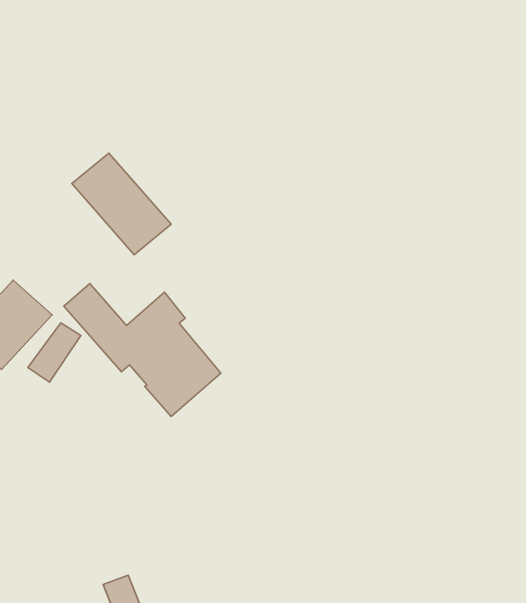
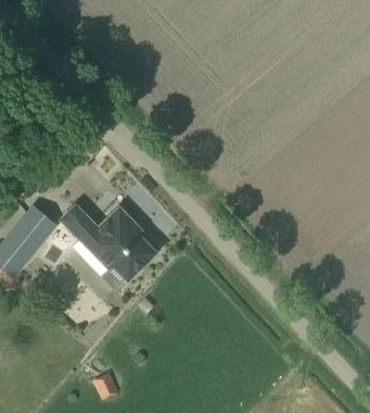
building: [72,153,171,255] -> none

